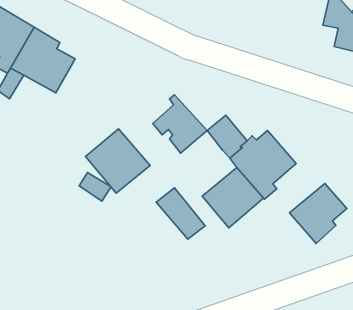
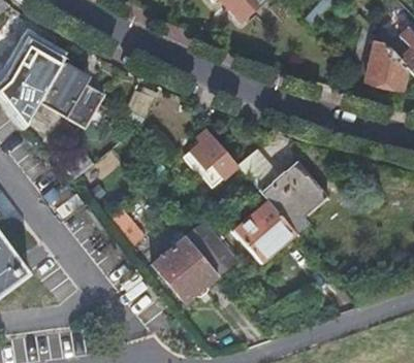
building: [86,129,150,193] -> [154,236,219,301]
building: [289,183,347,243] -> none

